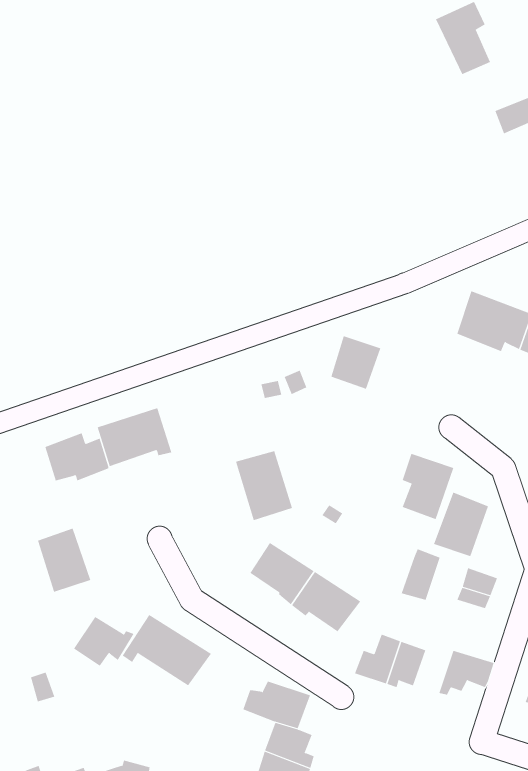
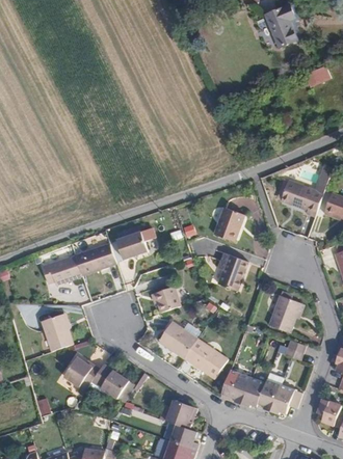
building: none -> [118,231,149,259]
building: [402,453,454,520] -> [217,251,247,290]
building: [401,548,440,601] -> [257,380,280,410]

